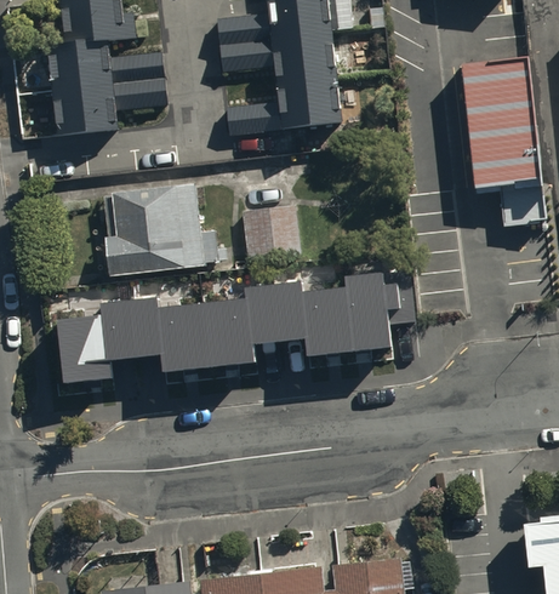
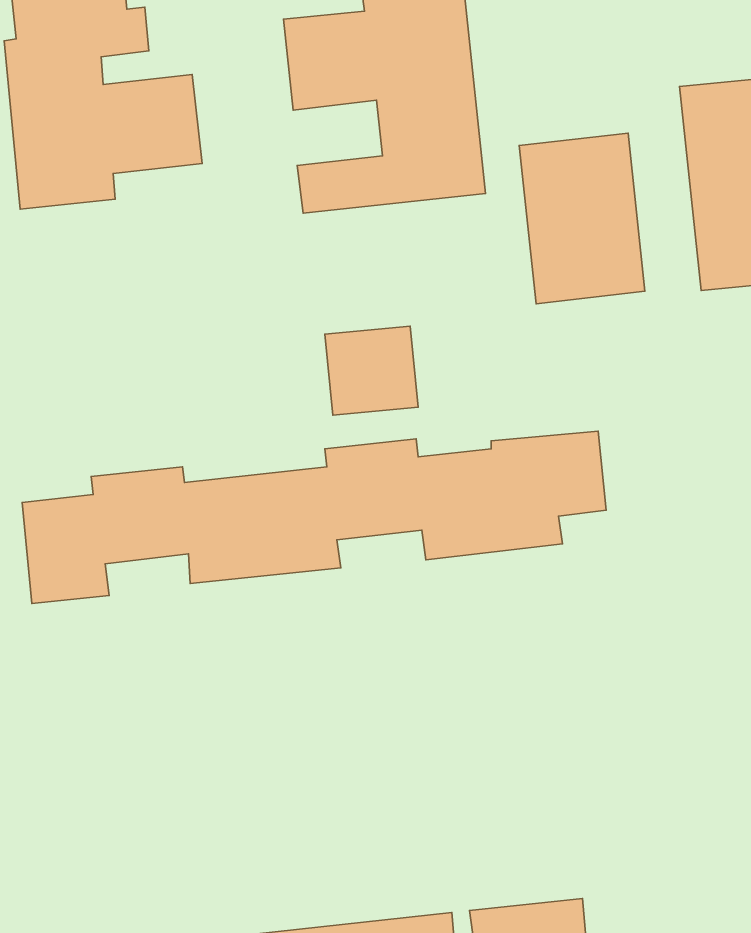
building: none -> [519,133,645,304]
building: [101,185,205,276] -> none

